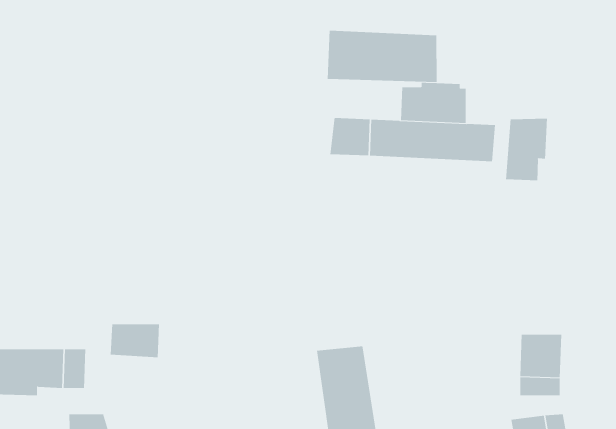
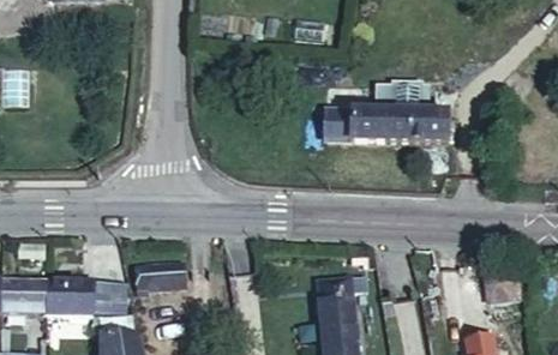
building: [327,30,437,83] -> none
building: [505,118,548,181] -> none

